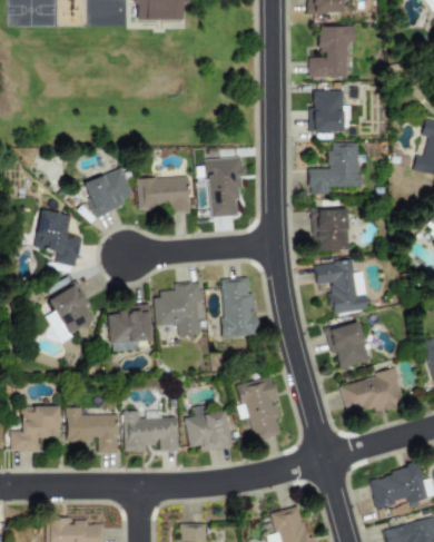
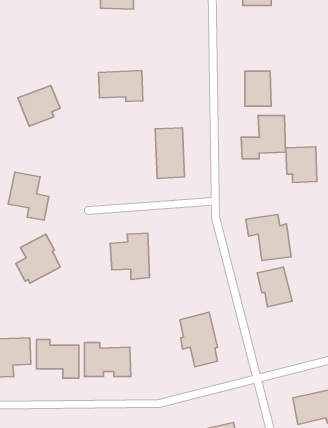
building: [309,26,356,78] -> none
building: [83,168,134,216] -> [18,86,60,126]
building: [138,176,190,213] -> [98,71,143,102]
building: [313,208,349,250] -> [286,147,317,183]
building: [221,277,256,336] -> none
building: [109,307,152,351] -> none
building: [341,369,405,413] -> none
building: [185,405,233,451] -> none

